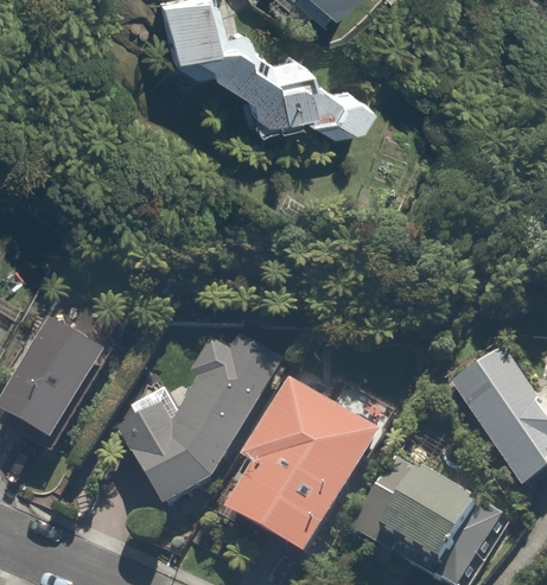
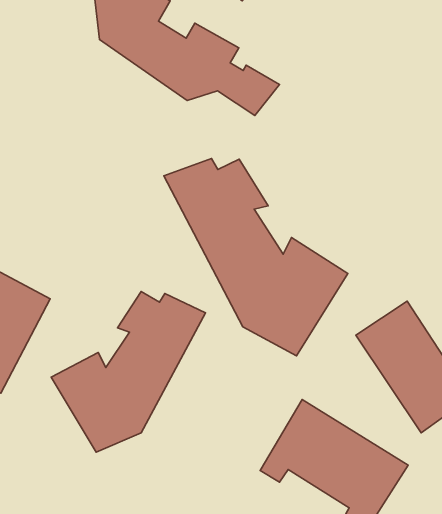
building: none -> [164,159,348,356]
building: [224,379,379,560] -> none

